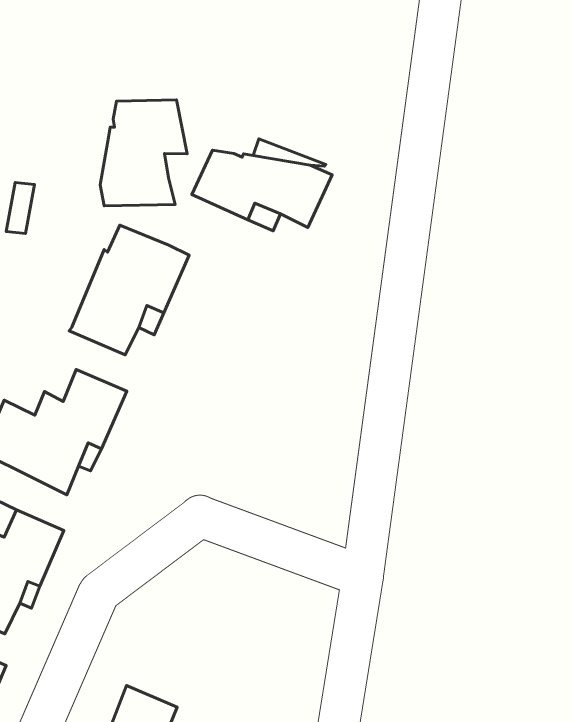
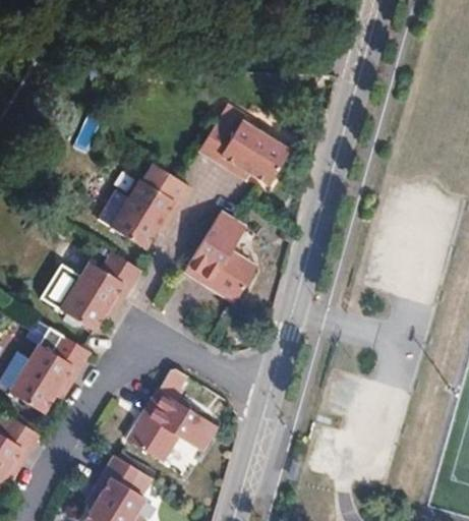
building: [100,100,187,206] -> none
building: none -> [186,211,257,300]
building: none -> [129,392,219,463]

